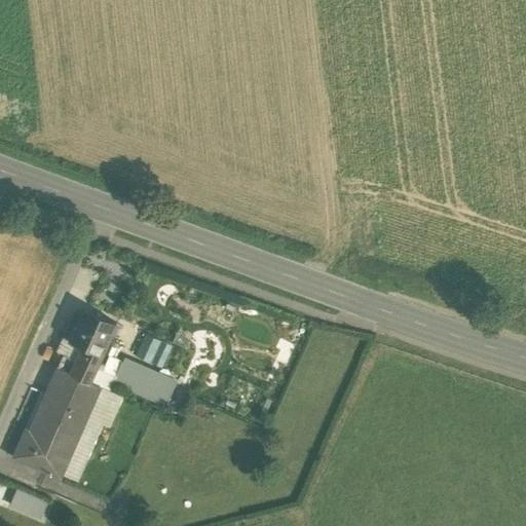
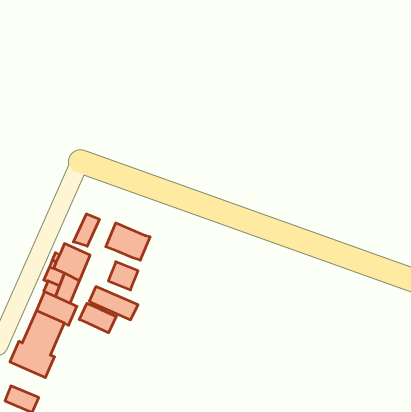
building: none -> [73,214,99,246]
building: none -> [106,223,150,260]
building: none -> [79,303,116,333]

